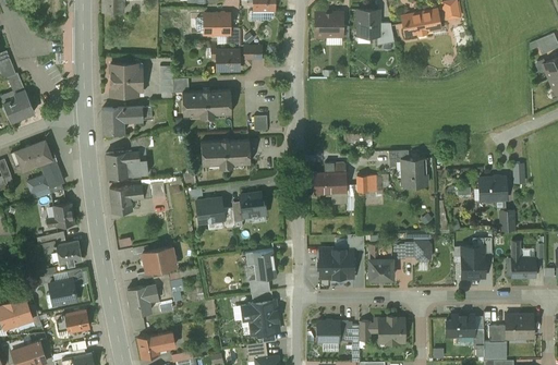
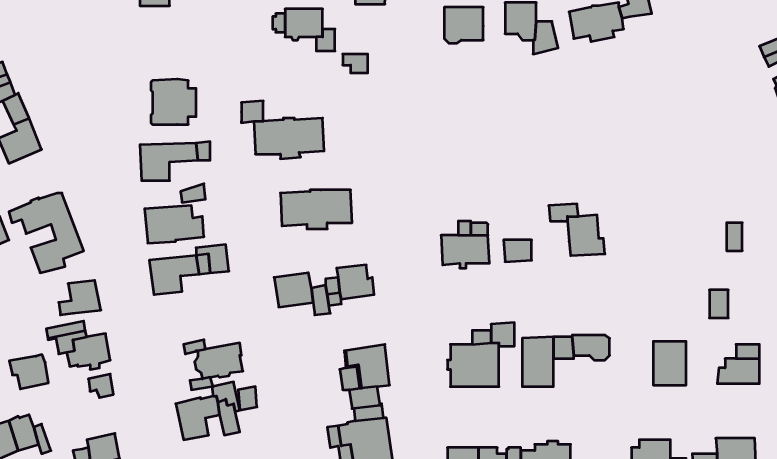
building: [216,50,239,71] -> none
building: [478,177,506,202] -> none
building: [49,280,76,304] -> [9,355,48,389]

